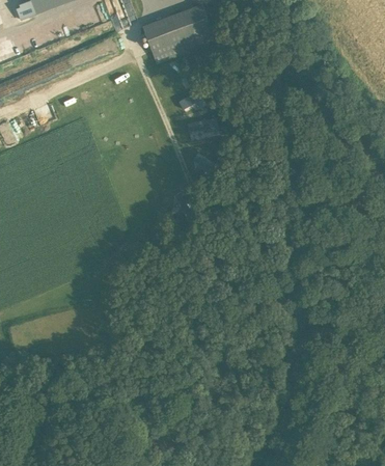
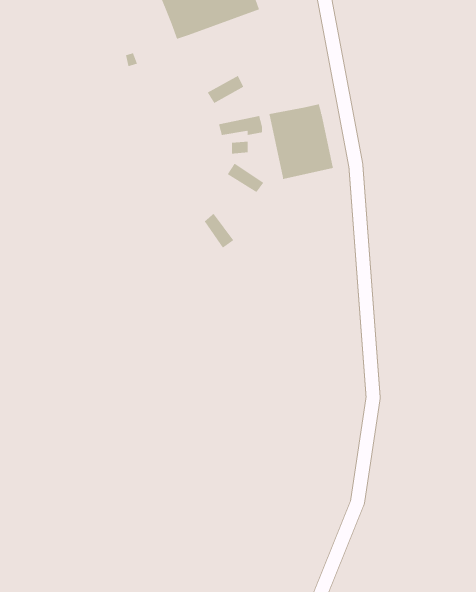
building: none -> [269,104,334,180]

